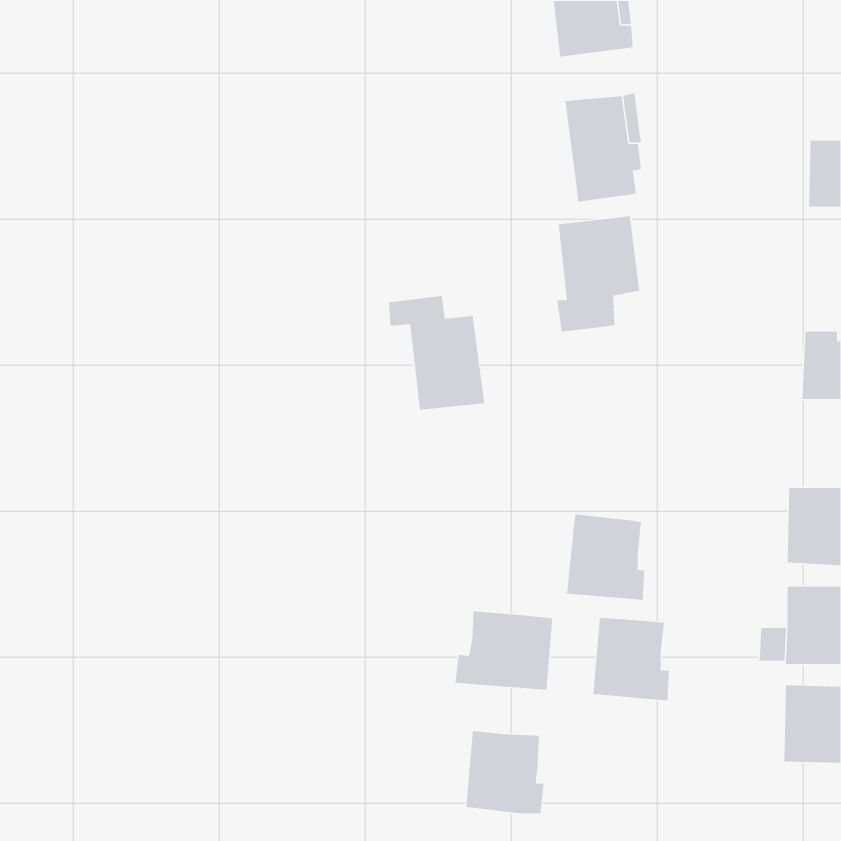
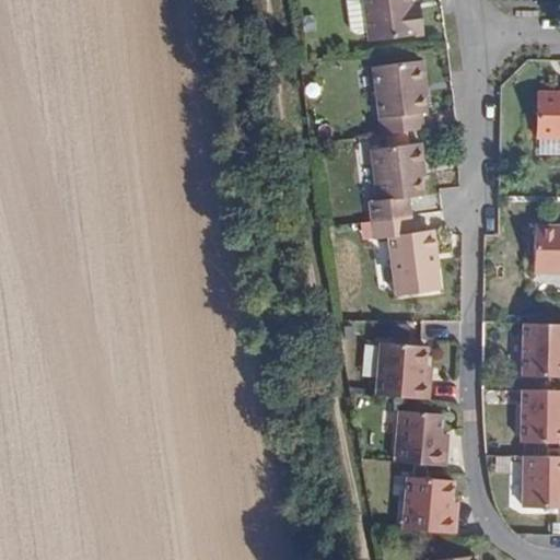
building: [388,295,485,410] -> [373,217,438,293]
building: [455,611,553,691] -> none
building: [466,730,545,814] -> [404,477,456,533]

